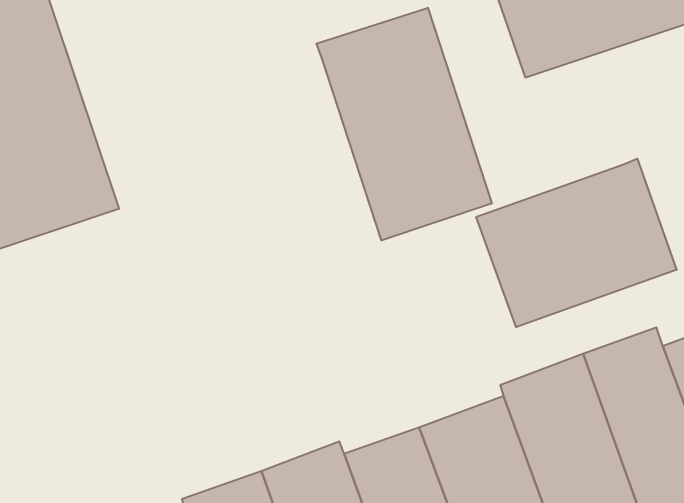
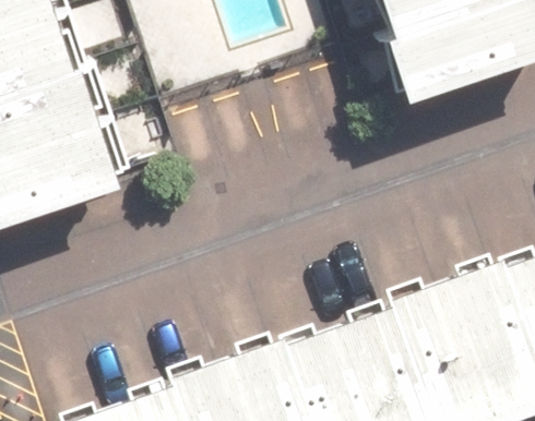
building: [316,8,492,240] -> none
building: [476,159,677,327] -> none

